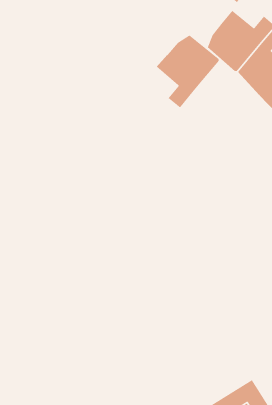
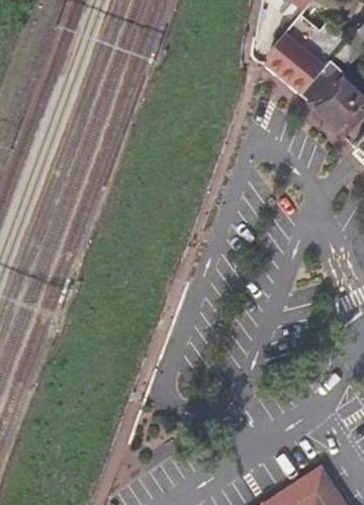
building: [156,35,220,108] -> none

